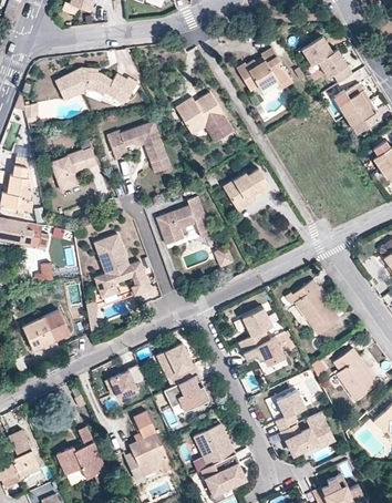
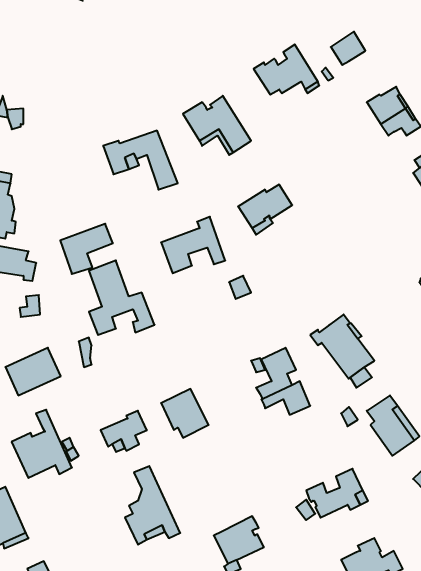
building: [318,50,352,83] -> none
building: [55,69,137,104] -> none
building: [51,147,96,191] -> [60,224,113,274]
building: [165,376,209,412] -> none
building: [276,391,306,432] -> none
building: [194,424,235,468] -> none
building: [56,427,109,485] -> [12,410,72,478]

